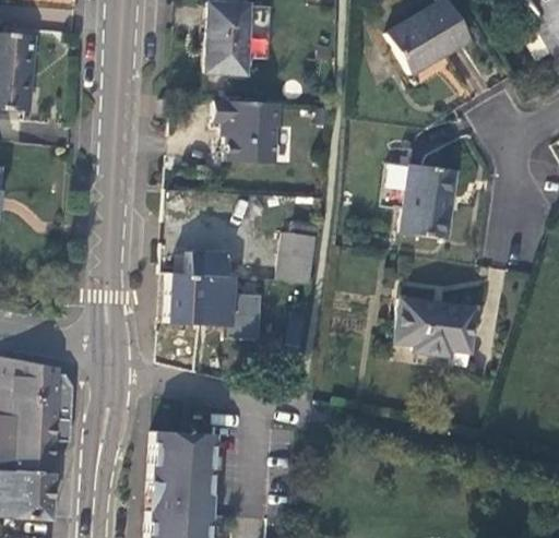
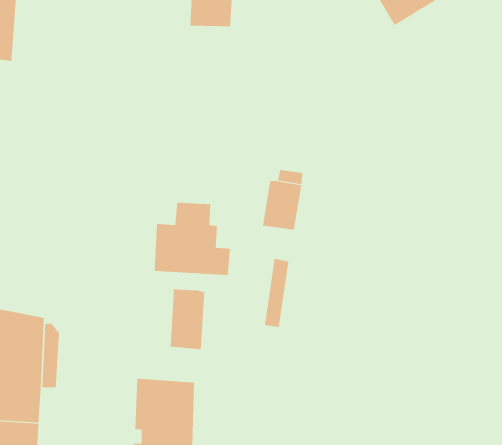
building: [216,100,282,164] -> none
building: [403,162,453,236] -> none
building: [397,296,476,352] -> none
building: none -> [170,289,205,350]

